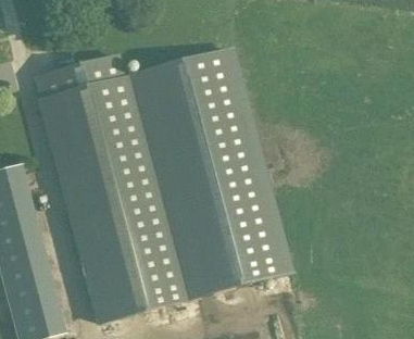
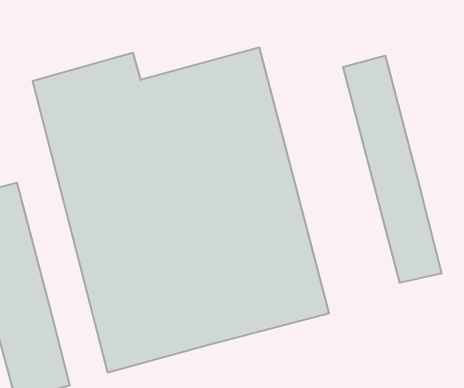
building: none -> [343,56,441,283]

